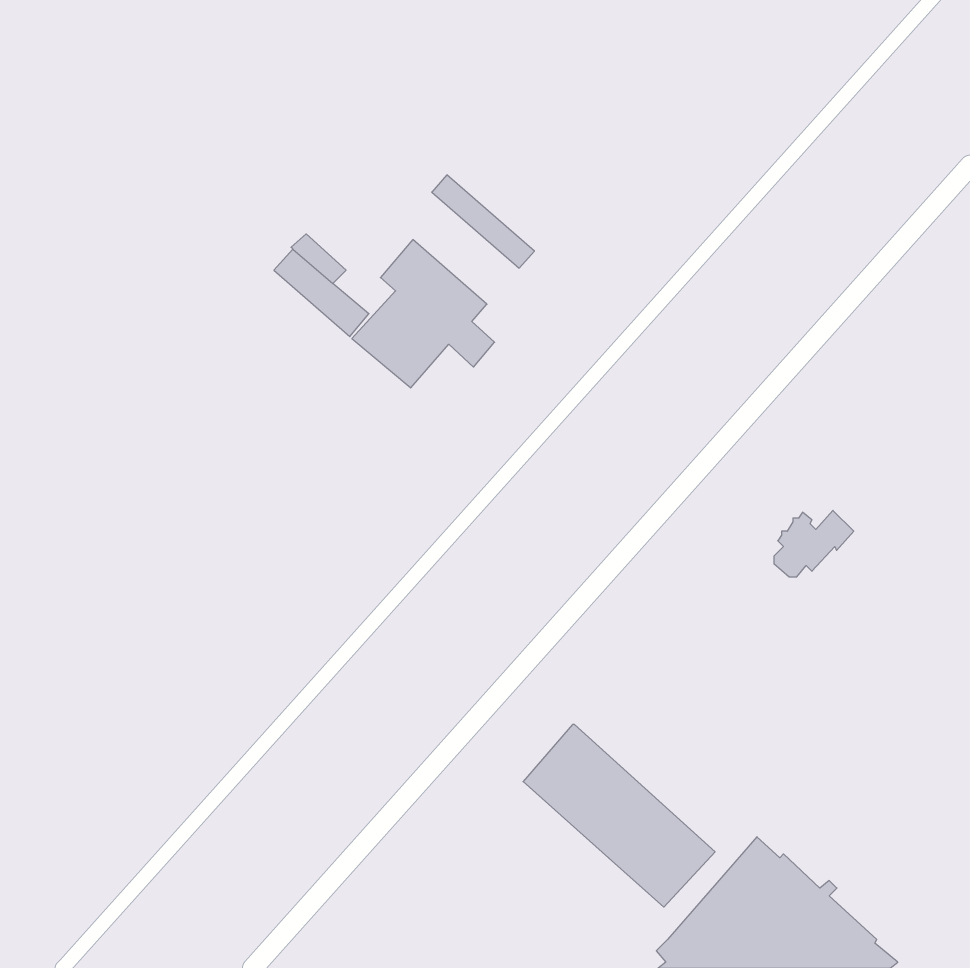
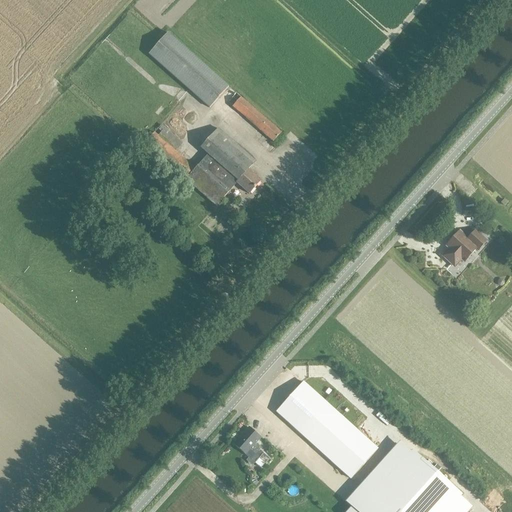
building: none -> [150,32,228,105]
building: [774,510,854,577] -> [444,228,486,263]
building: none -> [233,426,269,466]

